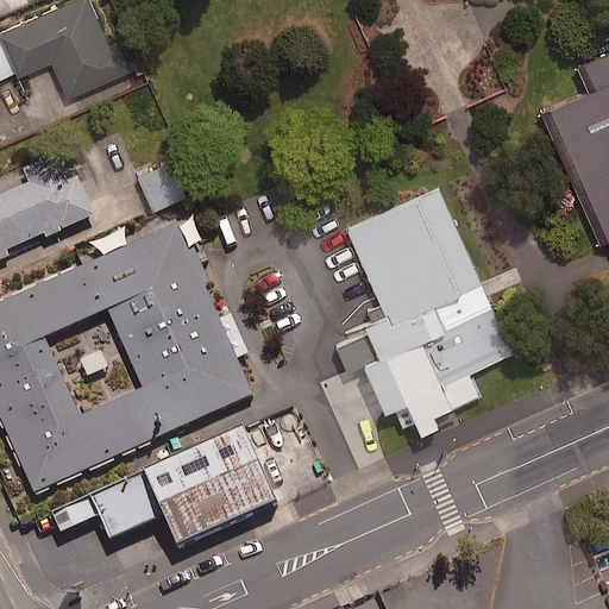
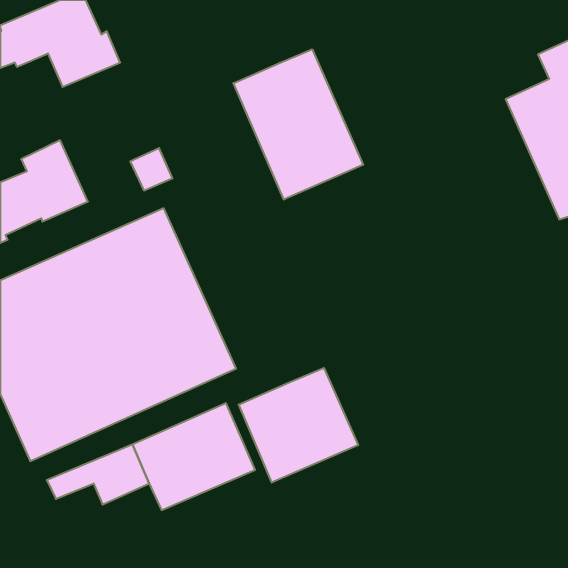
building: none -> [233,49,363,200]
building: [339,188,509,429] -> none
building: none -> [239,368,358,483]

